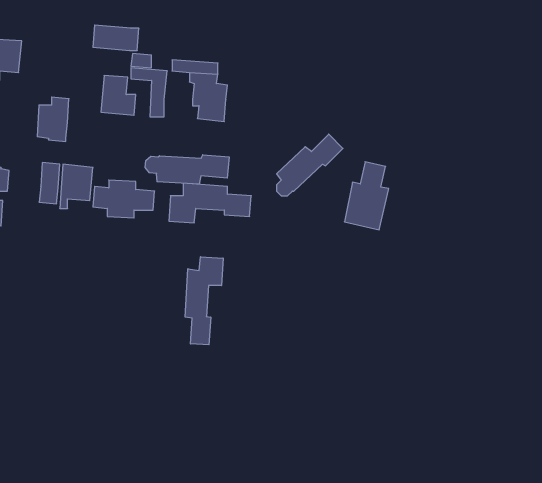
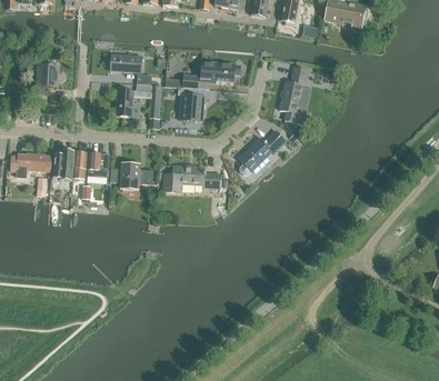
building: none -> [200,61,240,82]
building: [37,97,69,141] -> [52,149,74,180]
building: [145,155,229,184] -> none
building: [344,162,389,230] -> [280,67,311,114]
building: [185,257,223,345] -> none

